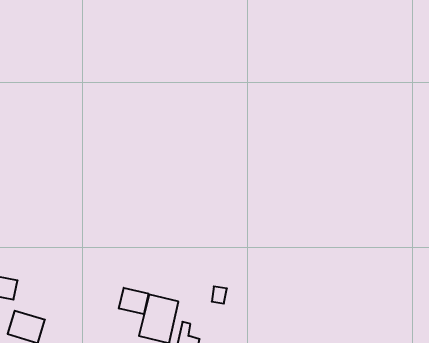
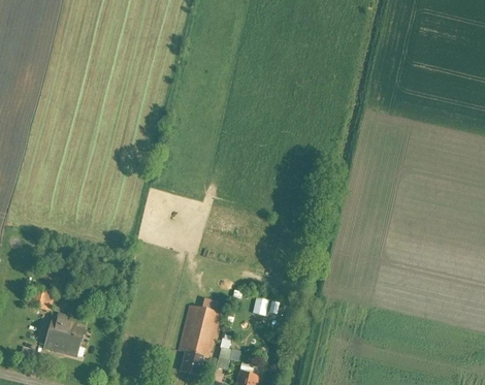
building: [119,288,148,314] -> none

